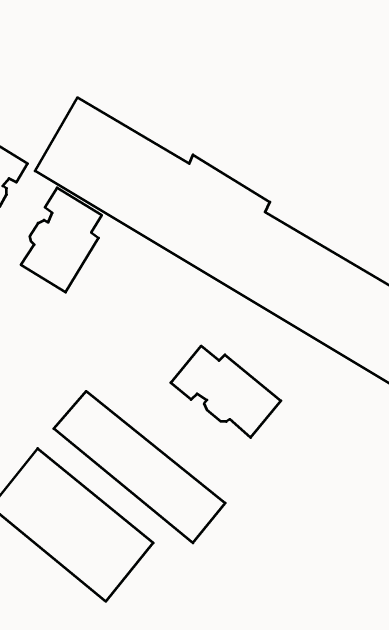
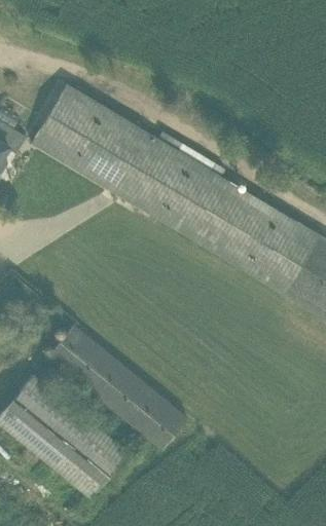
building: [21,188,102,292] -> none
building: [171,346,281,438] -> none

